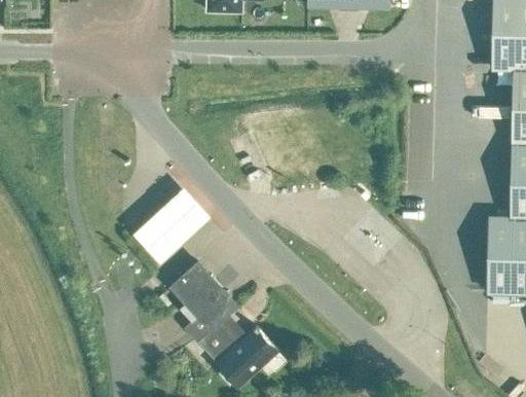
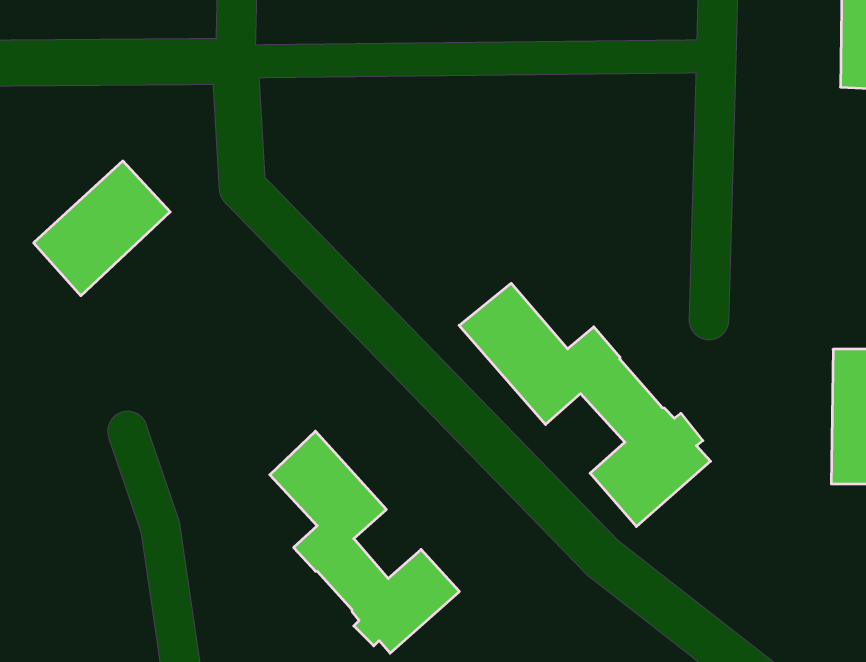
building: none -> [459,283,711,527]
building: [135,182,212,258] -> [34,161,170,296]

